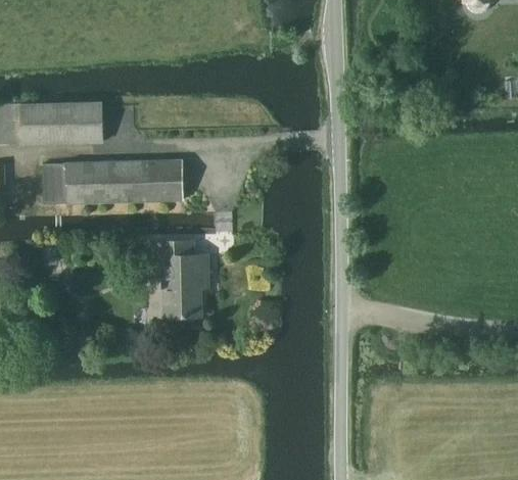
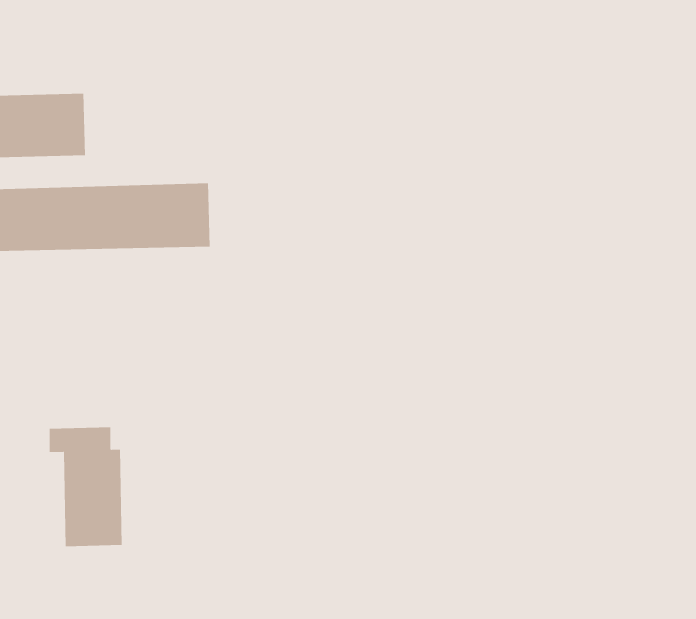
building: [153,240,200,317] -> [49,427,122,547]

